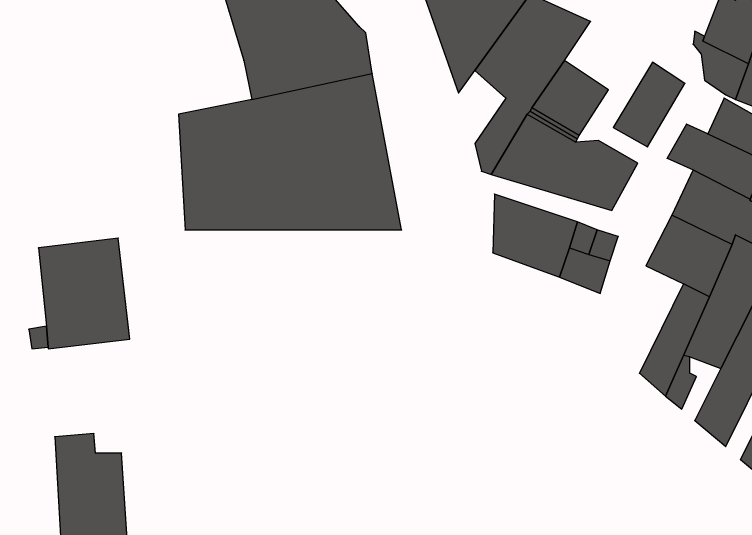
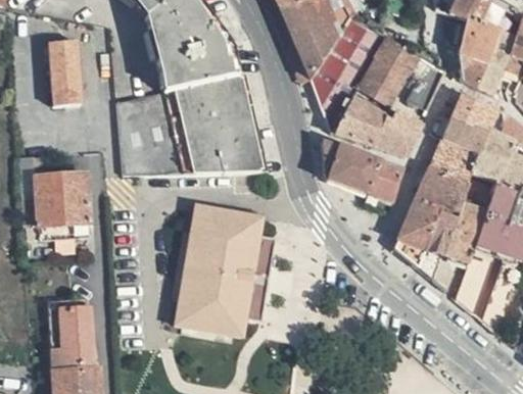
building: none -> [53,37,84,105]
building: none -> [368,40,412,83]
building: none -> [393,193,442,260]
building: none -> [170,200,277,336]

